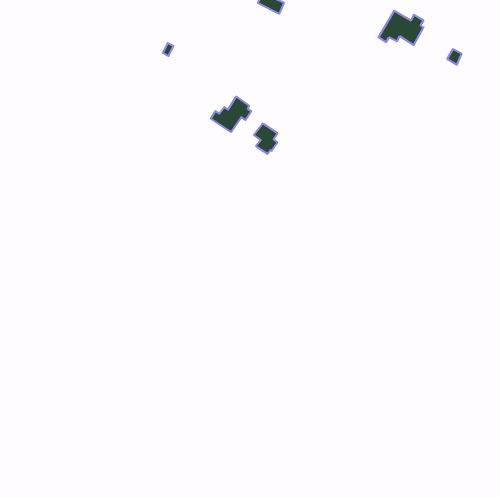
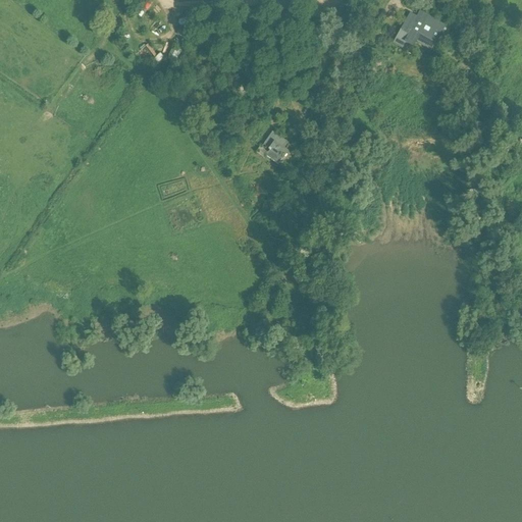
building: [211,97,251,132] -> none

